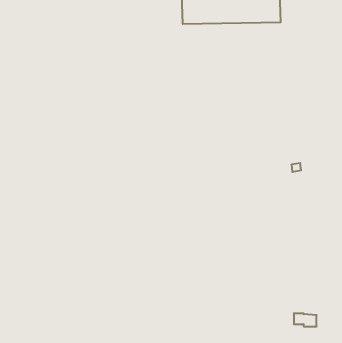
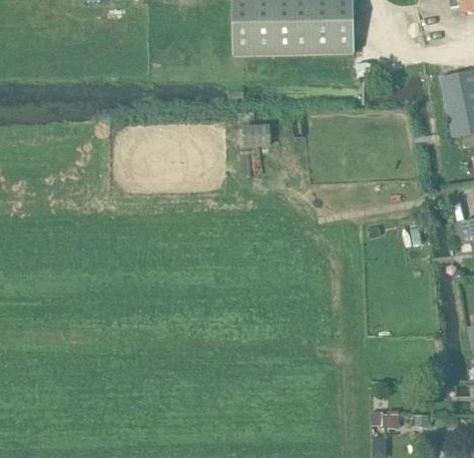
building: none -> [244,124,270,144]

